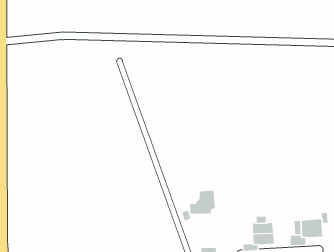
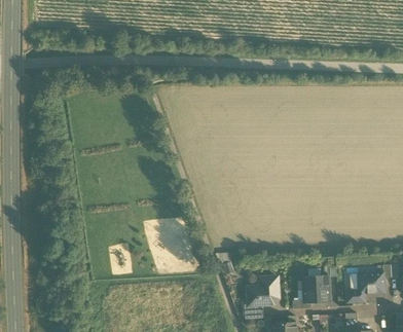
building: [189,190,216,214] -> [249,278,280,305]

